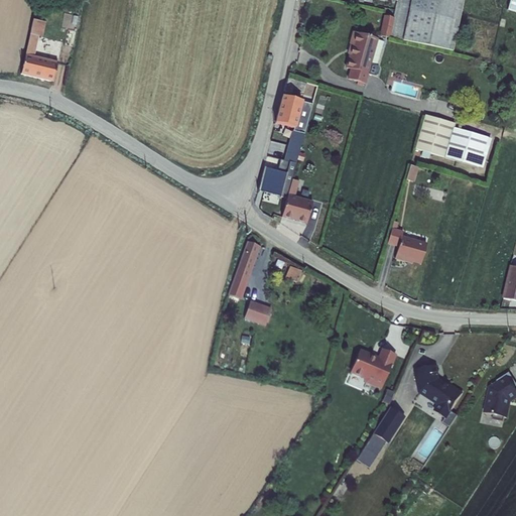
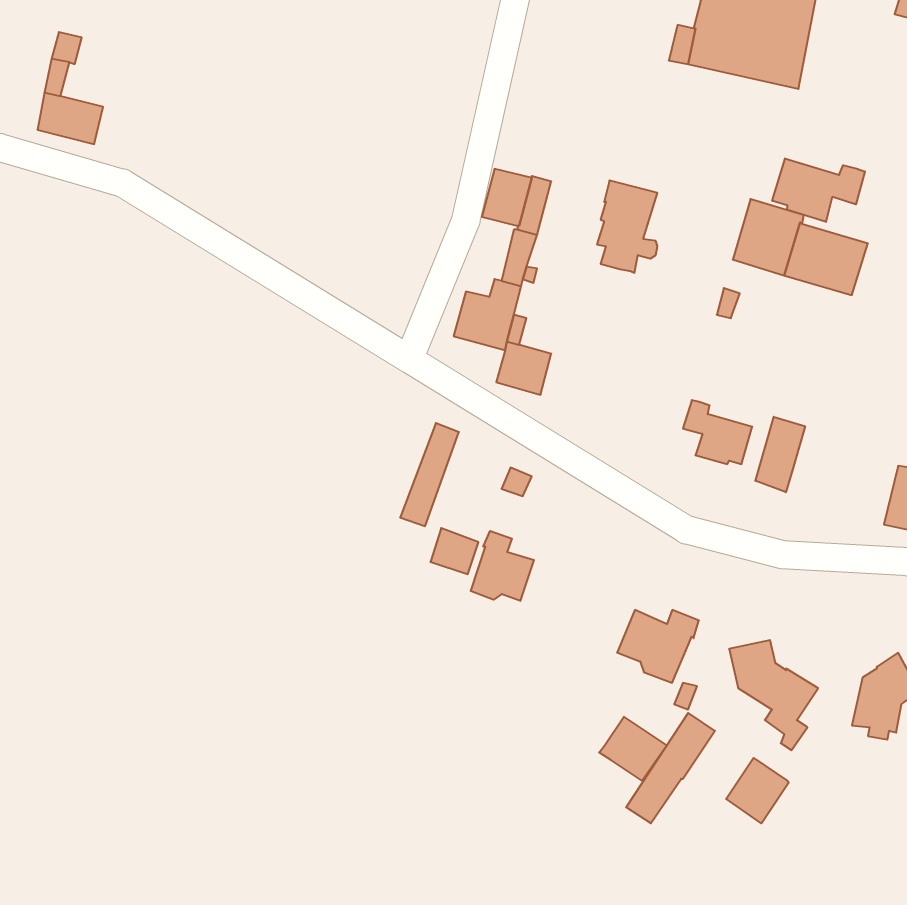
building: [346,30,380,83] -> [597,180,657,273]
building: none -> [772,158,865,222]
building: none -> [755,417,805,492]
building: none -> [471,531,534,601]
building: none -> [599,717,667,781]
building: none -> [726,758,789,823]

